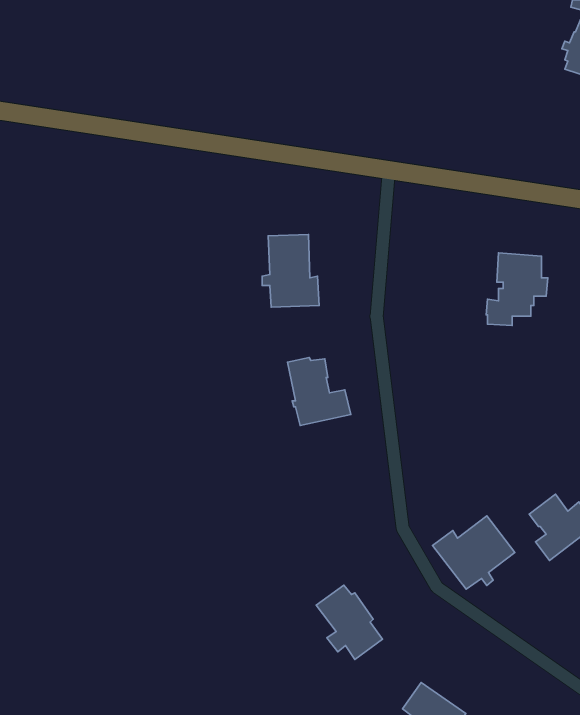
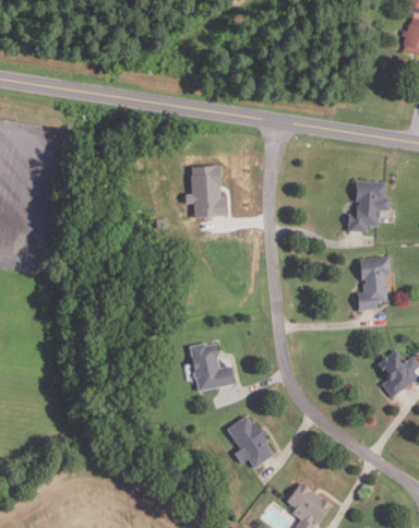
building: [288,357,351,425] -> [189,343,234,391]
building: none -> [357,256,391,310]
building: [433,516,515,589] -> none

